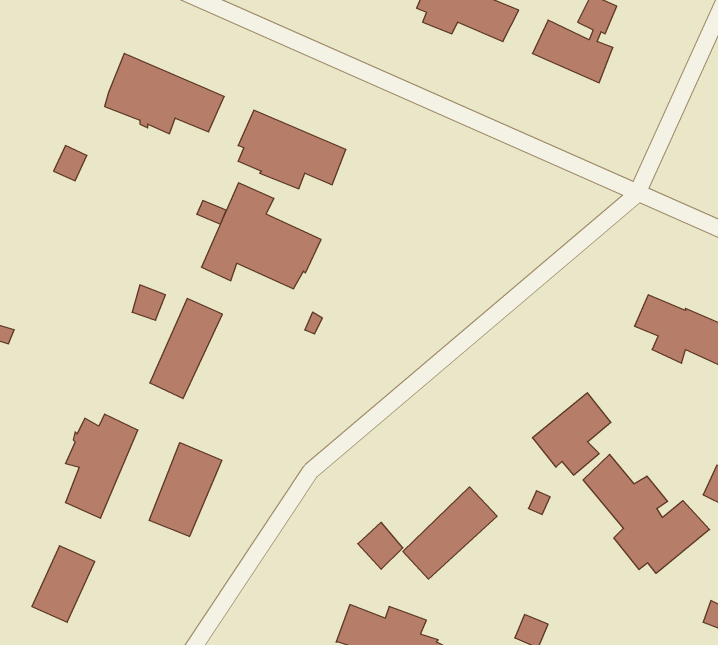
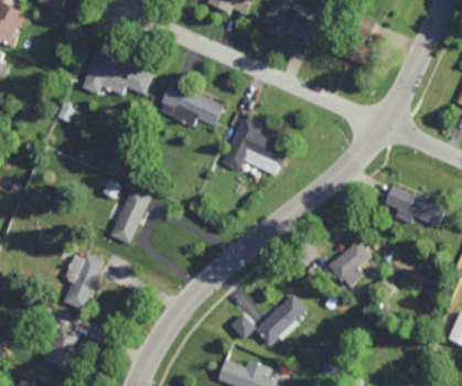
building: [201,183,321,289] -> [221,115,288,174]
building: [149,443,222,537] -> none
building: [583,454,710,573] -> none

